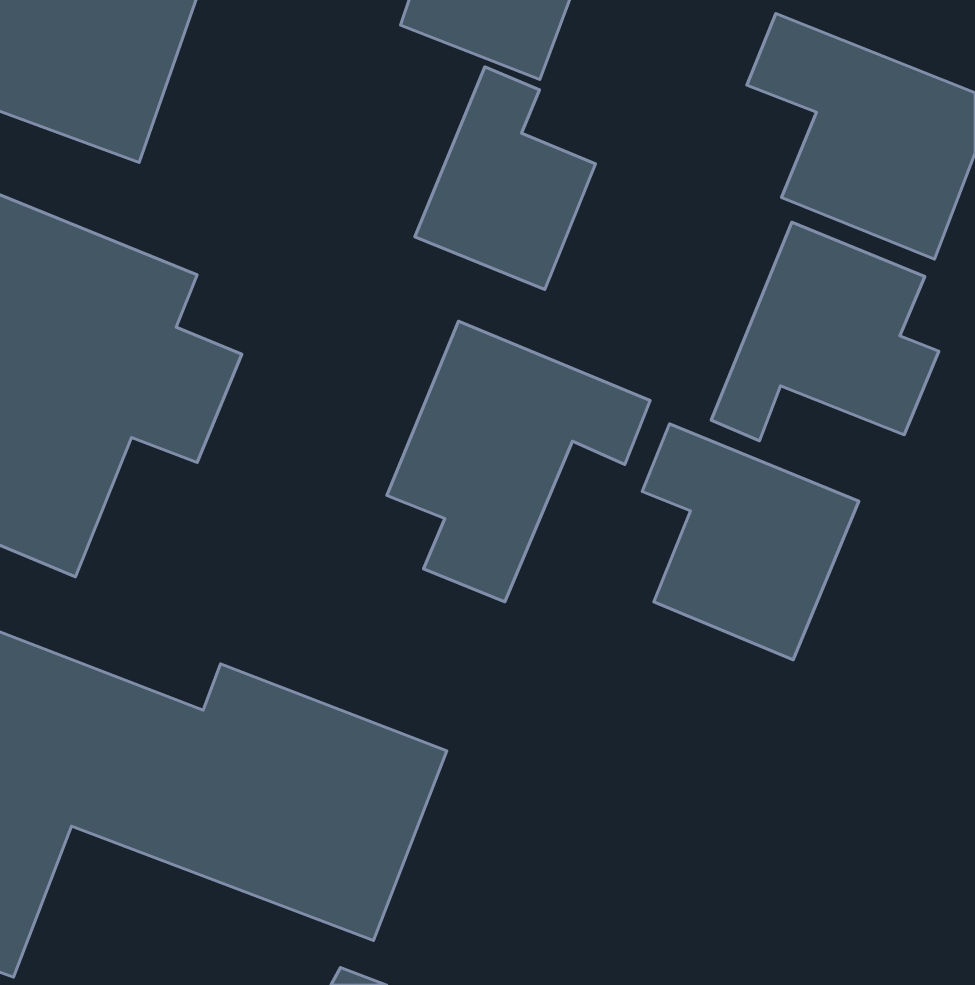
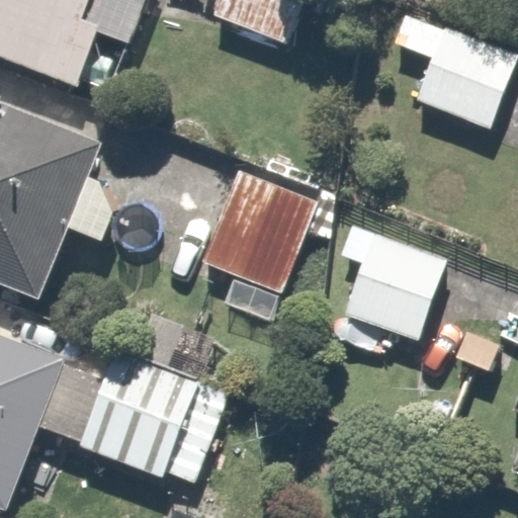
building: [415,67,595,289] -> none
building: [711,222,939,441] -> none

